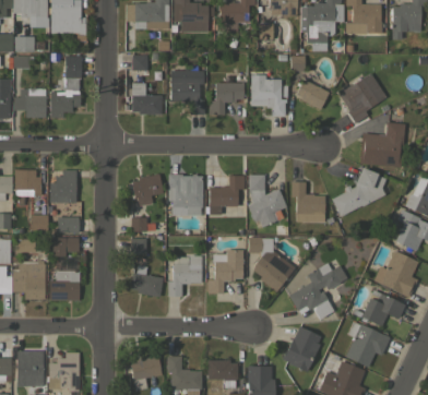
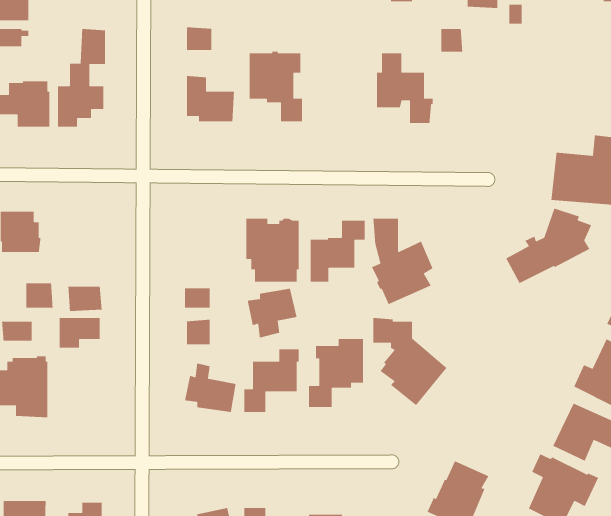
building: [340,73,387,123] -> none
building: [297,74,330,109] -> none
building: [210,83,245,115] -> none
building: [50,170,78,203] -> none
building: [132,175,164,206] -> [247,288,298,338]
building: [292,182,325,223] -> none
building: [289,263,348,319] -> none
building: [50,271,80,300] -> none

